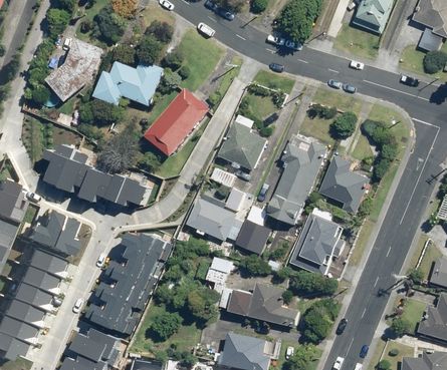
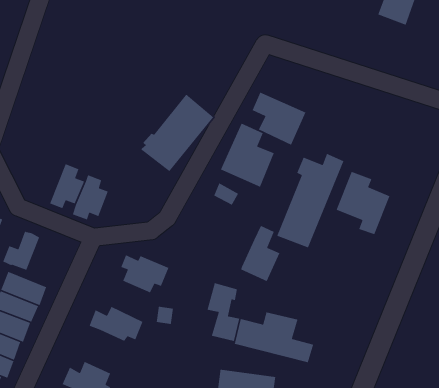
building: [45,39,102,103] -> none
building: [93,57,163,108] -> none
building: none -> [251,92,306,146]
building: [46,143,77,187] -> none
building: [107,173,148,206] -> none
building: [188,187,246,243] -> none
building: [288,206,345,277] -> none
building: [43,217,71,258] -> none
building: [108,256,155,292] -> none
building: [88,300,135,334] -> none

